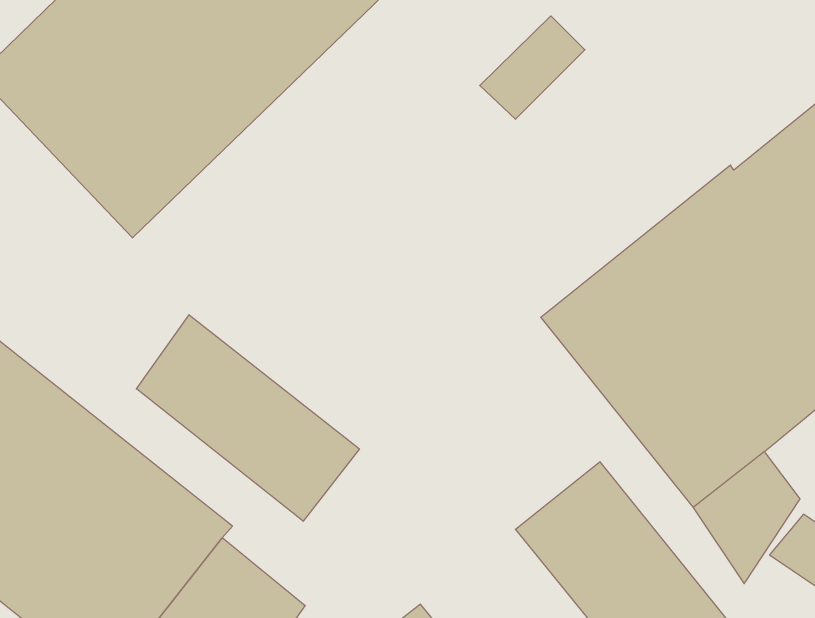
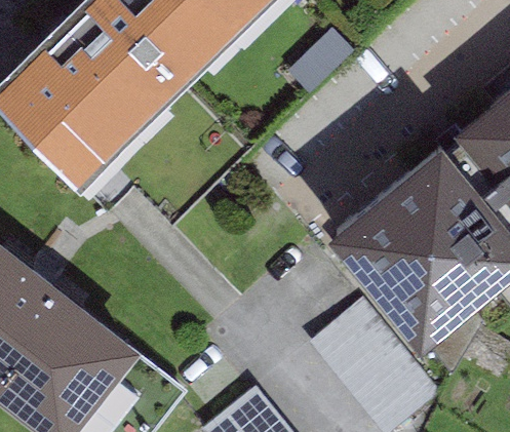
building: [136,315,359,521] -> none

